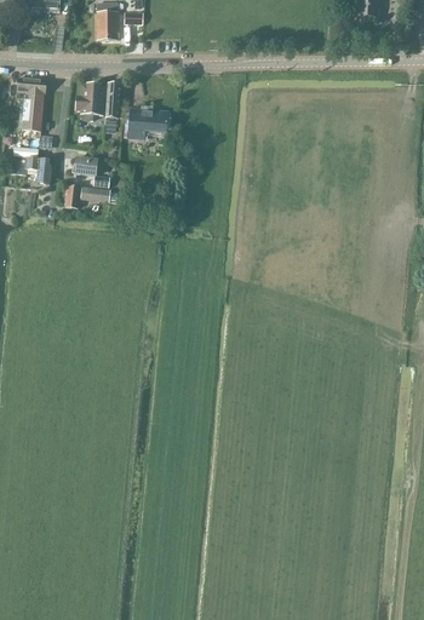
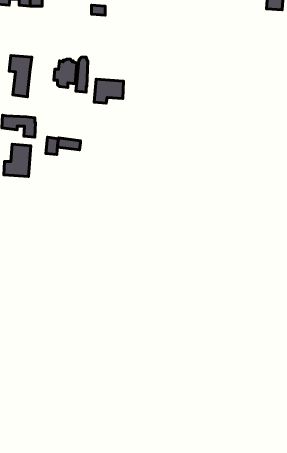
building: [98,11,120,39] -> none
building: [75,155,111,186] -> none
building: none -> [4,144,31,176]

